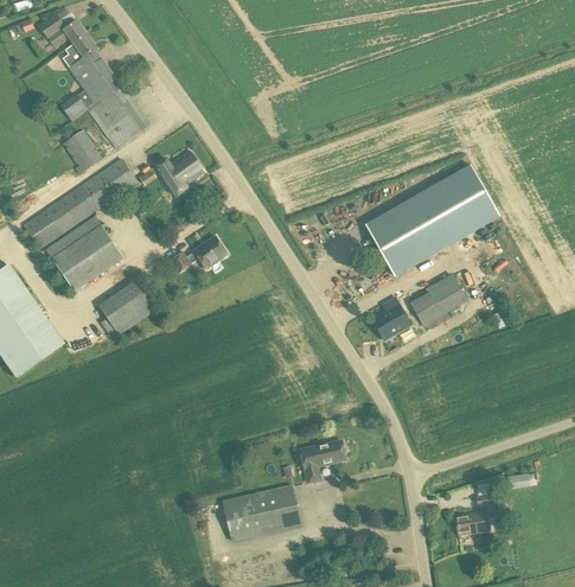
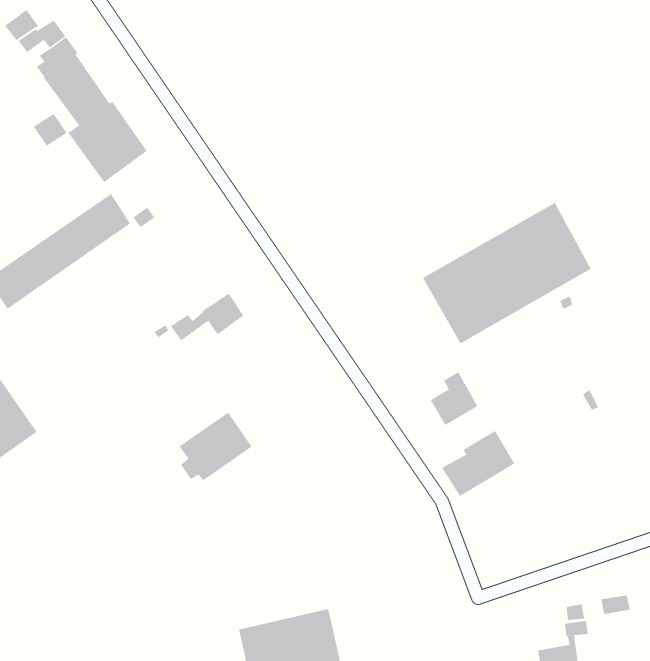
building: [58,128,106,173] -> none
building: [153,148,205,197] -> none
building: [45,215,123,291] -> none
building: [408,273,466,325] -> [441,430,515,497]
building: [98,280,156,334] -> [179,412,252,481]
building: [299,439,345,480] -> none

